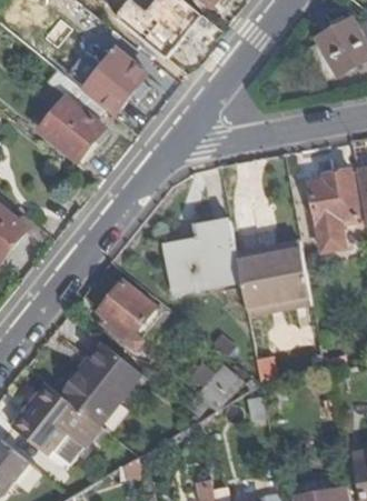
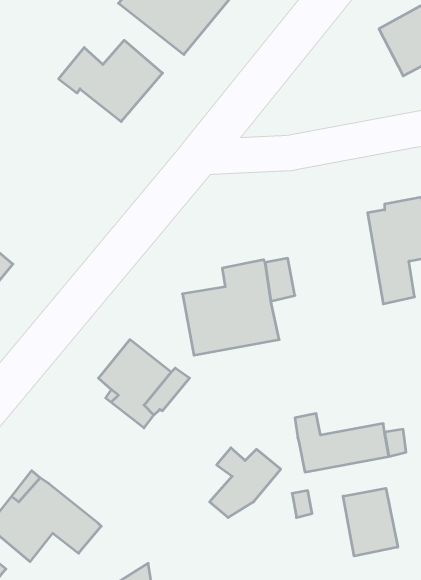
building: [39,69,106,162] -> none
building: [239,241,320,314] -> none
building: [59,343,139,424] -> none
building: none -> [343,488,398,556]

